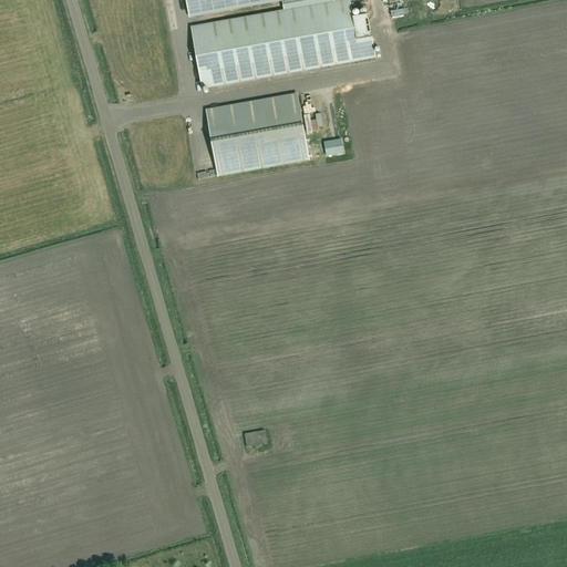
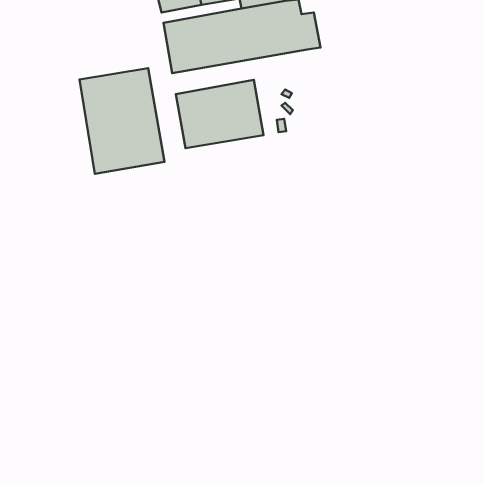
building: none -> [79,68,164,174]

